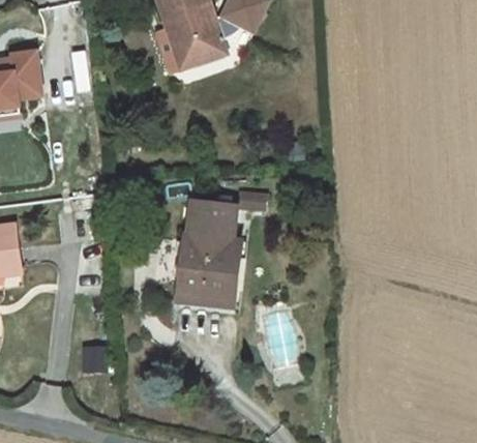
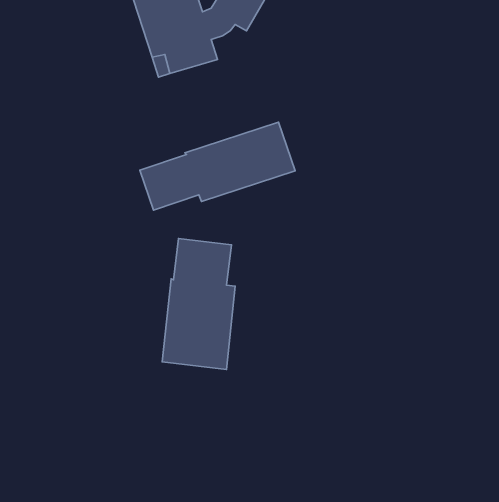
building: none -> [140,122,295,210]

